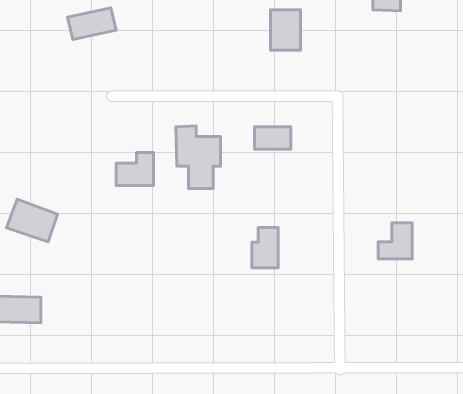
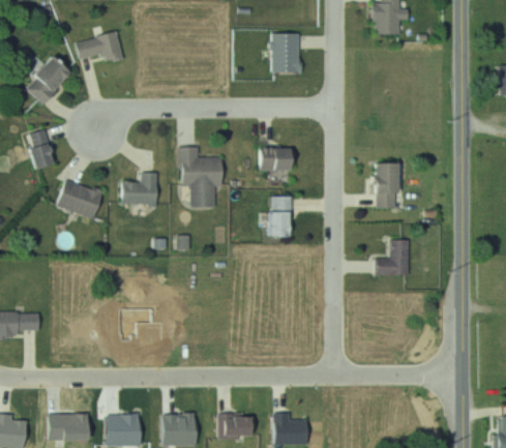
building: none -> [26,54,71,102]
building: none -> [27,129,55,170]
building: none -> [370,162,396,209]
building: [7,199,58,242] -> [55,178,105,219]
building: [252,227,278,268] -> [266,197,292,236]

